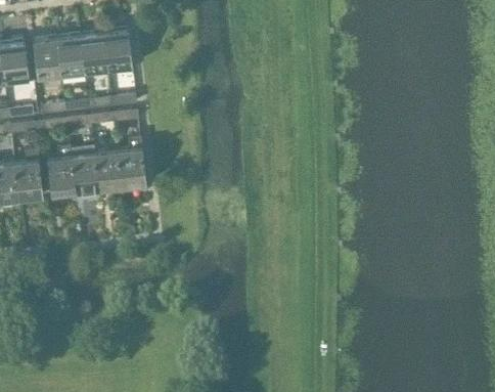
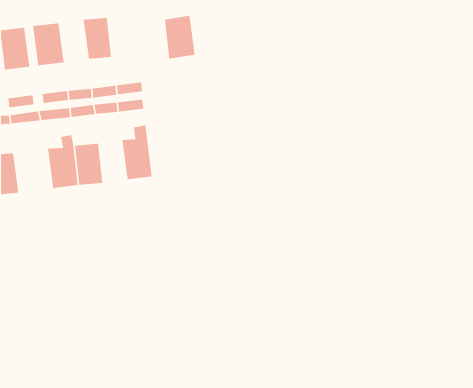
building: [102,29,132,71] -> [164,15,195,59]
building: [56,35,84,76] -> none
building: [13,147,42,200] -> none
building: [94,149,121,190] -> none

